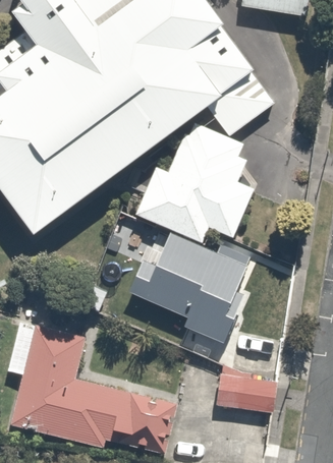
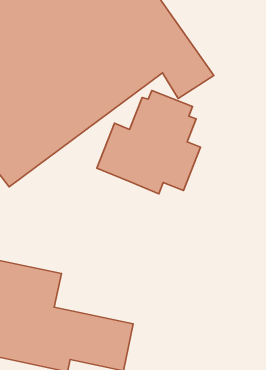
building: [130,228,257,344] -> none
building: [218,364,275,409] -> none

